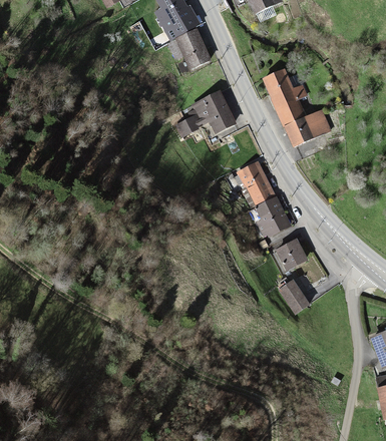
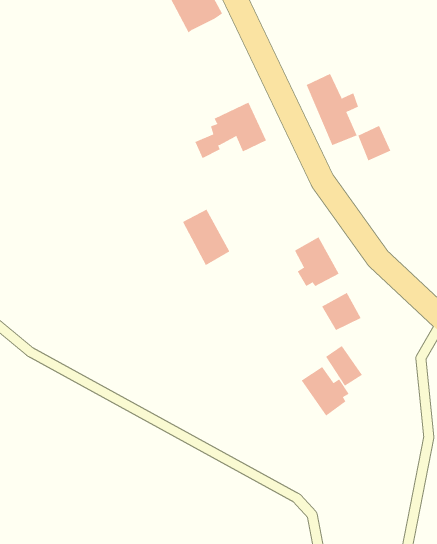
building: [175,27,210,67] -> none
building: [284,117,312,145] -> none
building: [237,162,274,206] -> [182,209,230,266]
building: none -> [301,366,350,416]

